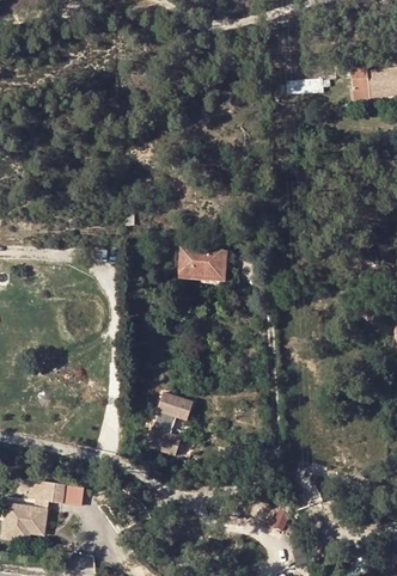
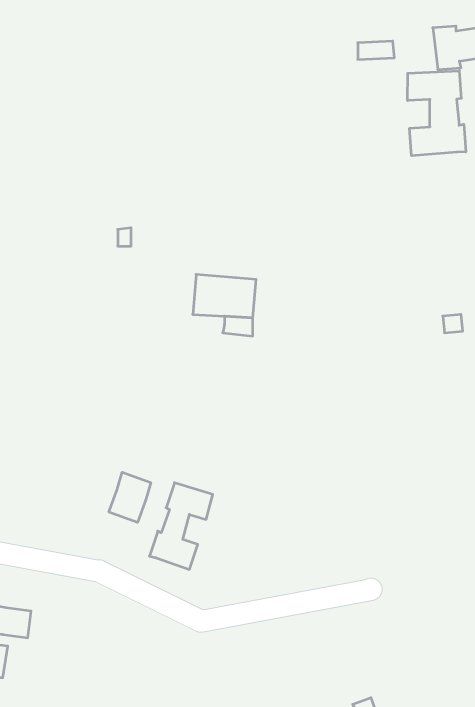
building: none -> [408,71,466,156]
building: none -> [109,472,151,522]

